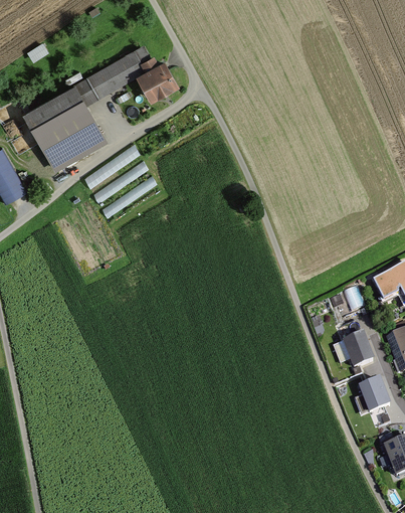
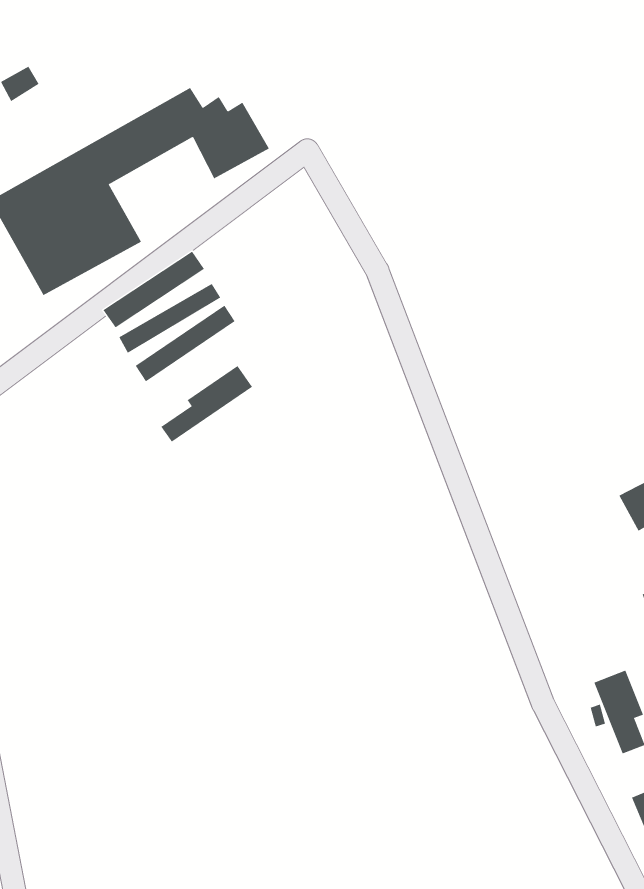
building: none -> [161,365,253,442]
building: [337,334,372,370] -> none

